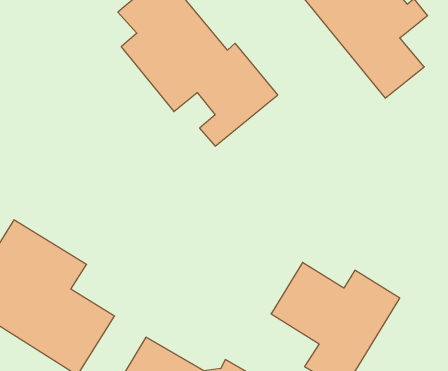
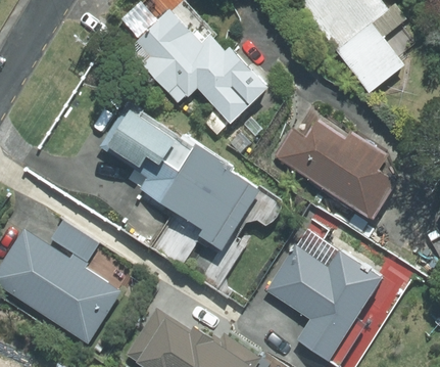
building: none -> [96,105,261,250]
building: none -> [271,112,400,219]

